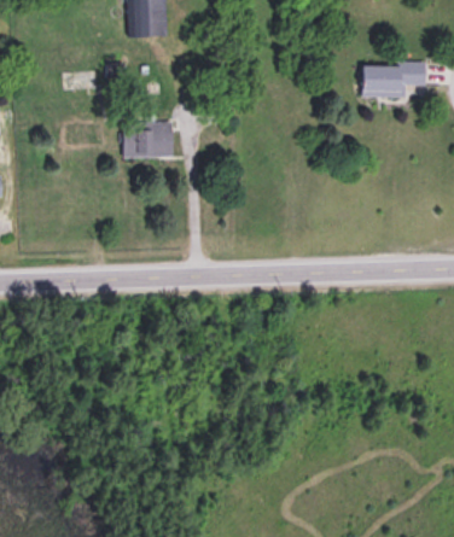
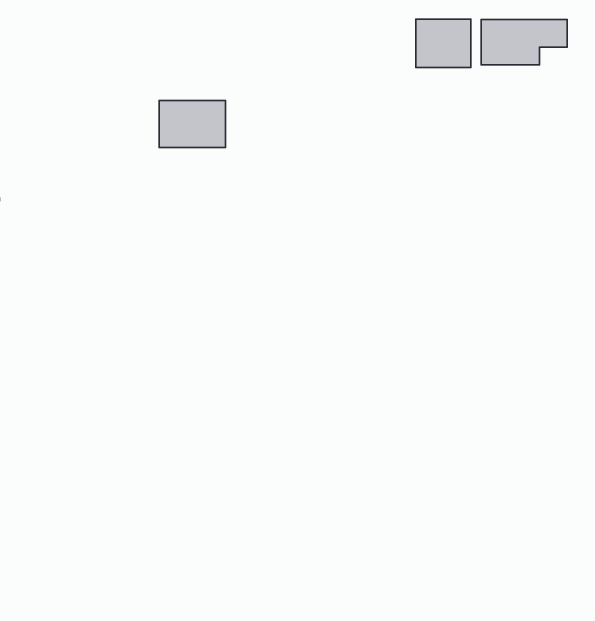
building: none -> [416,19,471,68]

